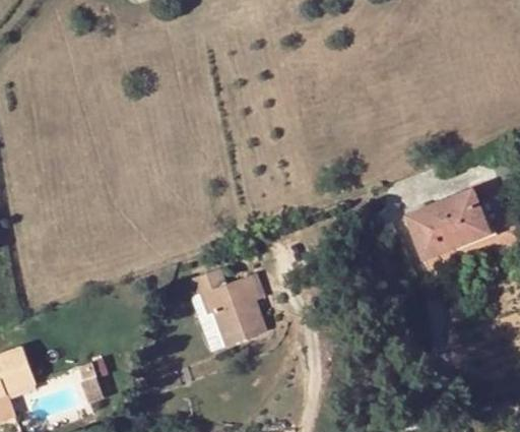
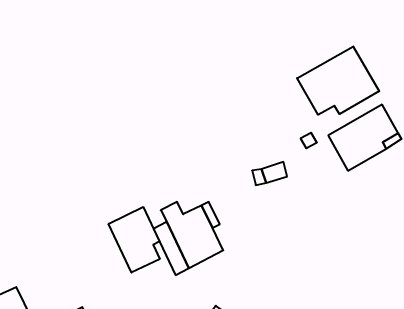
building: none -> [297,46,379,115]
building: none -> [109,207,160,273]

